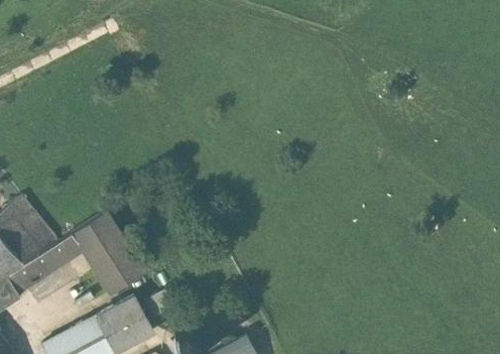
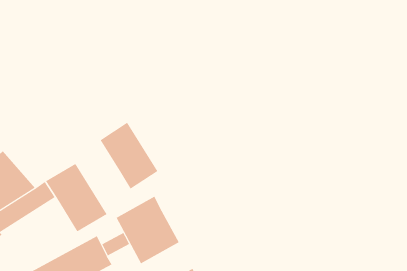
building: none -> [100,122,158,190]
building: none -> [116,196,180,264]

